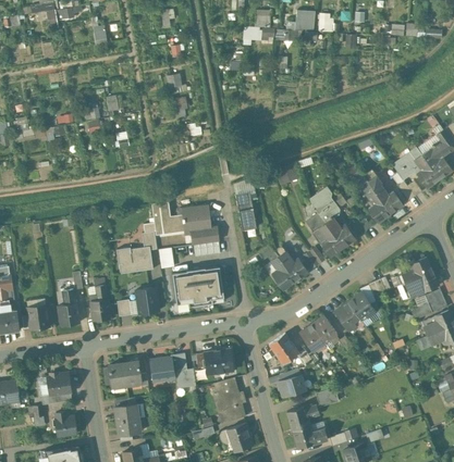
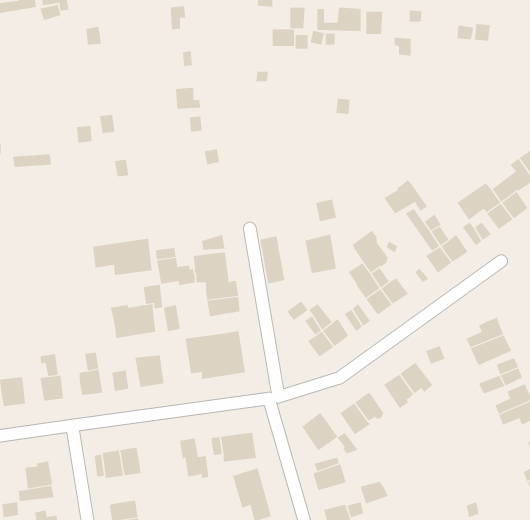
building: none -> [384,180,428,214]
building: none -> [305,233,337,274]
building: none -> [92,238,152,276]
building: [149,359,174,382] -> none

